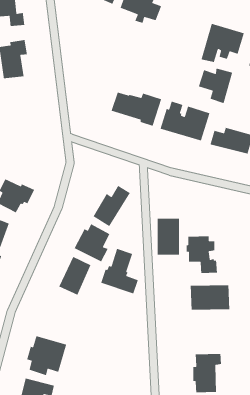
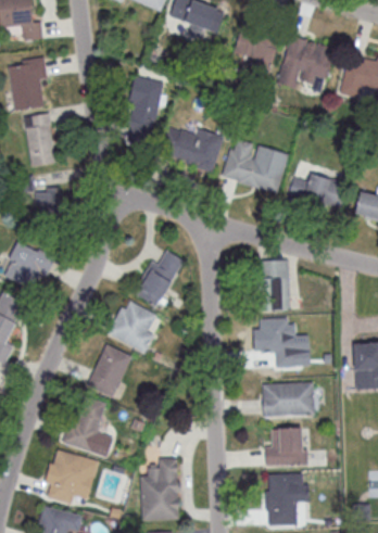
building: none -> [128,75,164,147]
building: [198,67,233,104] -> [234,25,280,74]
building: none -> [23,113,55,166]
building: none -> [35,188,63,213]
building: [157,218,180,256] -> [259,259,289,309]
building: [100,248,139,294] -> [62,395,113,457]
building: none -> [265,427,303,465]
building: none -> [140,458,179,520]

